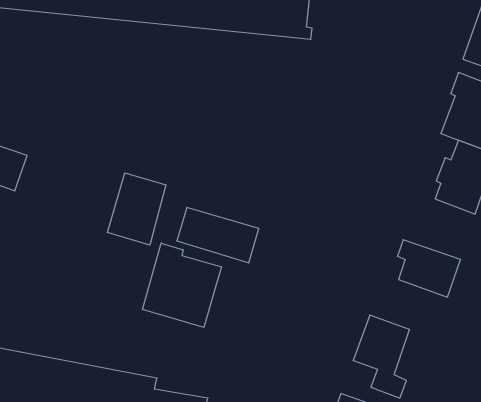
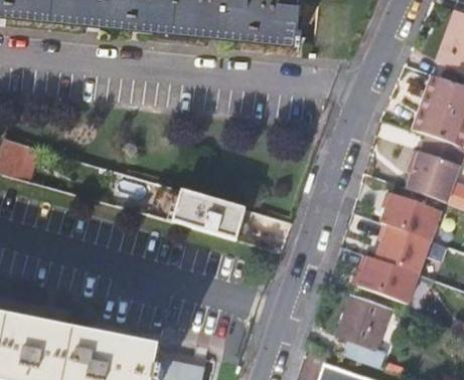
building: [107,173,166,245] -> none
building: none -> [381,195,444,242]
building: [142,243,222,327] -> none
building: none -> [358,257,422,306]

